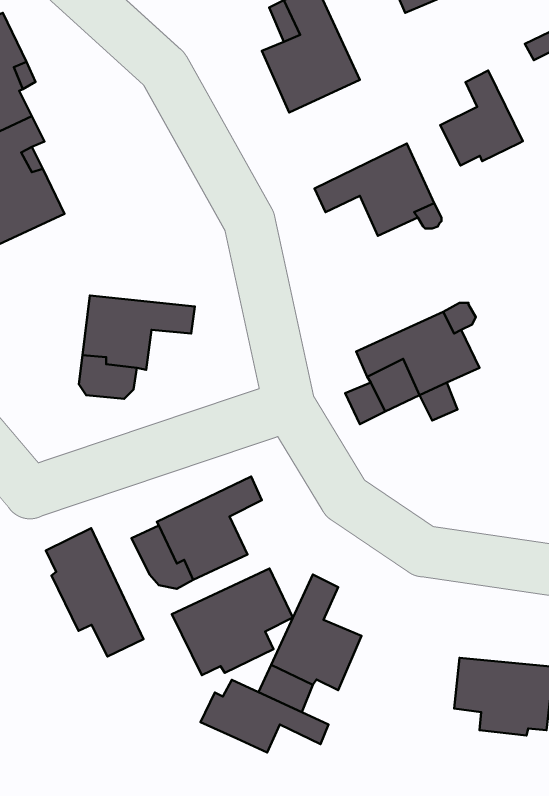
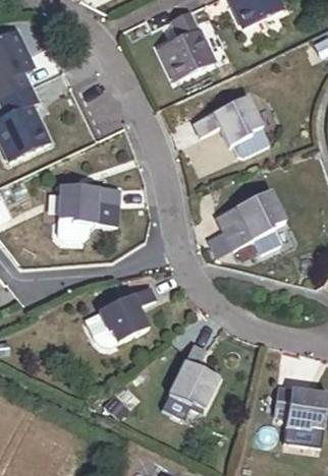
building: [440,71,523,165] -> none
building: [46,528,144,657] -> none
building: [172,568,293,675] -> none
building: [201,680,329,753] -> none

